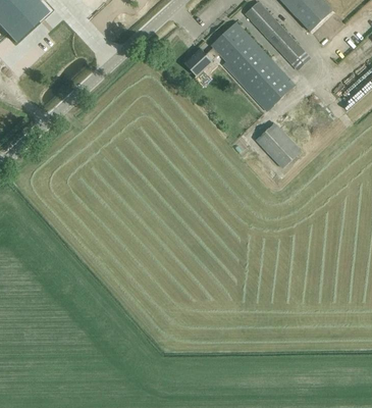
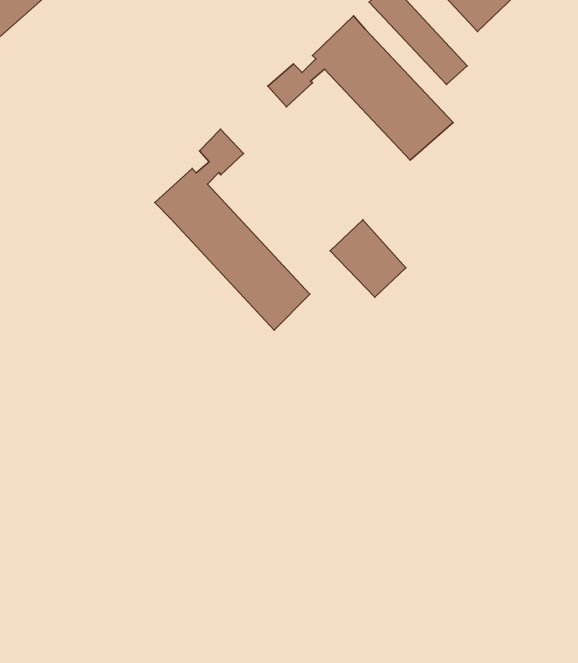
building: none -> [155,129,310,330]
building: [255,122,300,168] -> [330,220,406,297]

